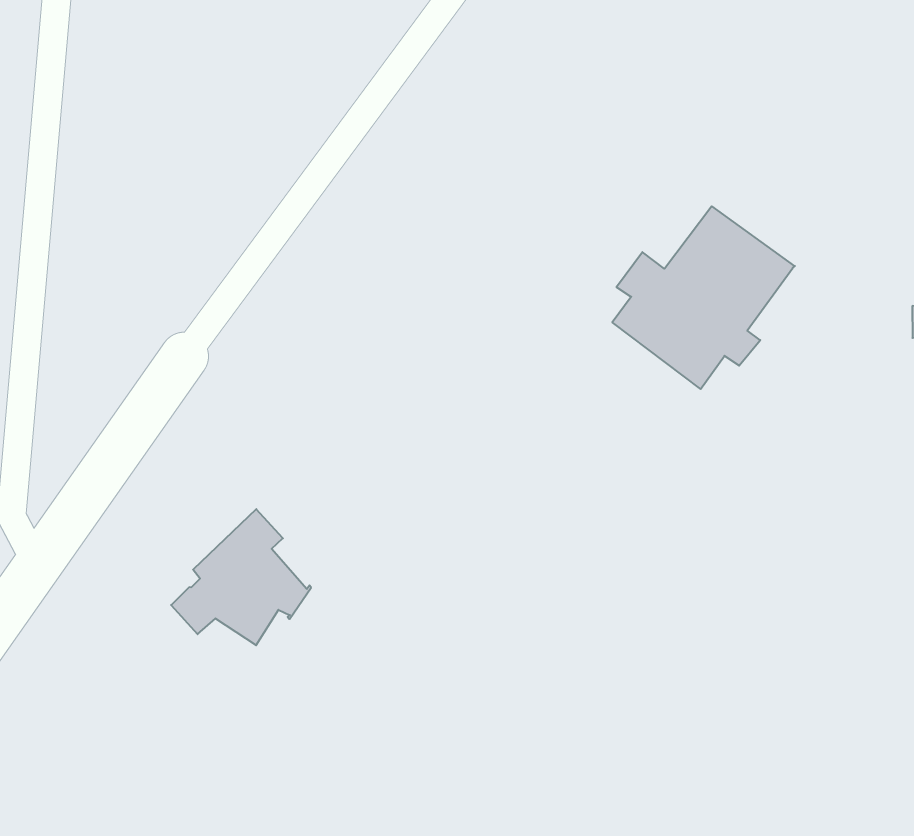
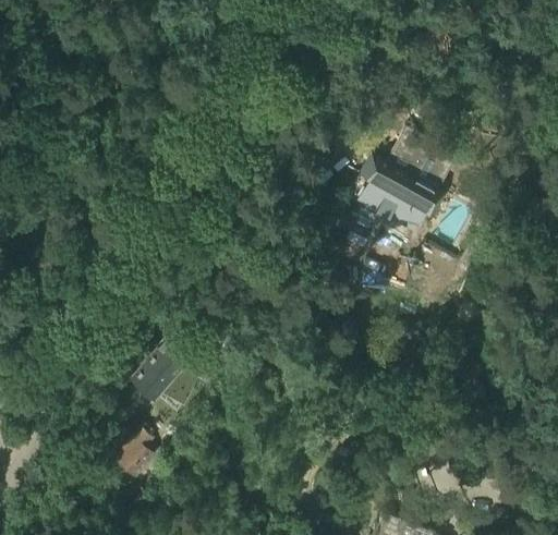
building: none -> [107,433,149,485]

